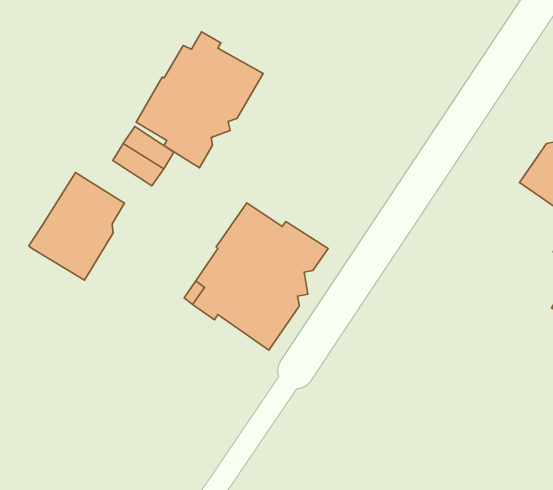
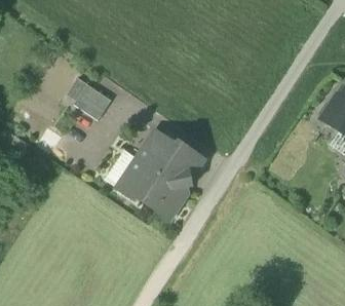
building: [136,32,263,168] -> none
building: [29,173,124,280] -> none

